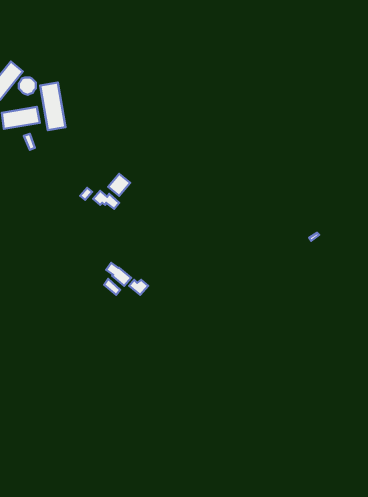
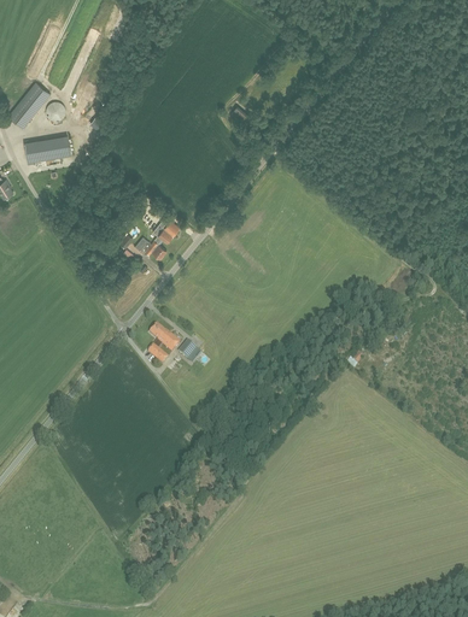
building: [40,82,65,130] -> none

